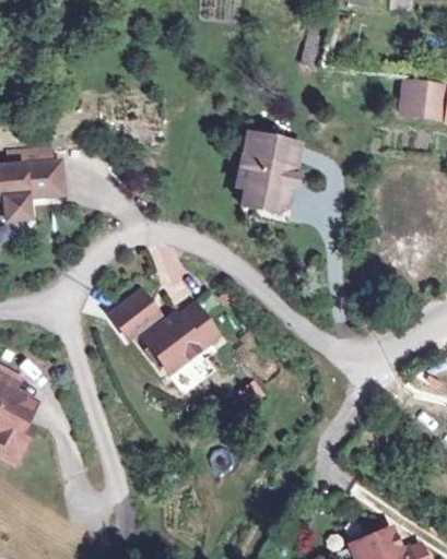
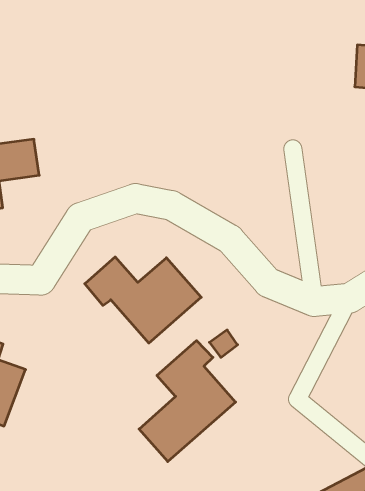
building: [223,132,299,219] -> none
building: none -> [139,341,236,462]

